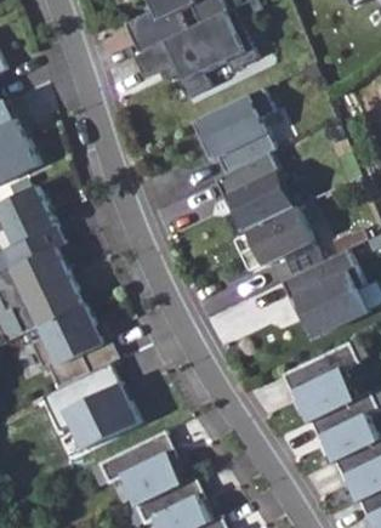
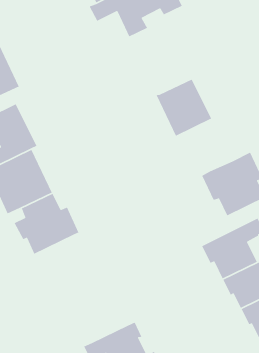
building: [190,89,274,174] -> none
building: [246,206,322,276] -> none
building: [46,360,144,449] -> none
building: [87,431,182,504] -> none

